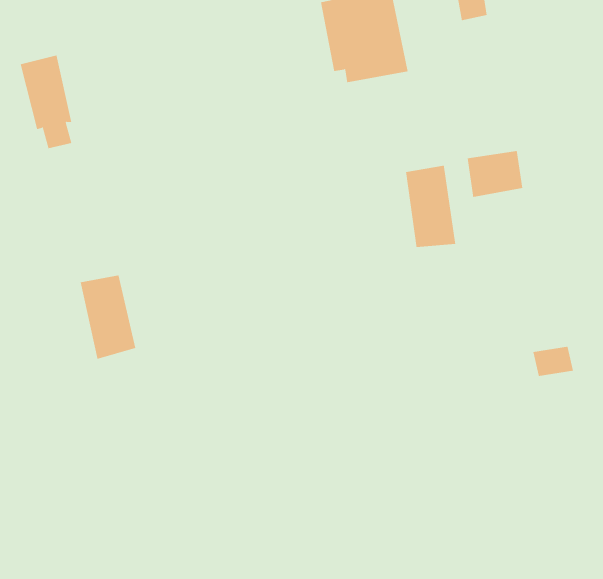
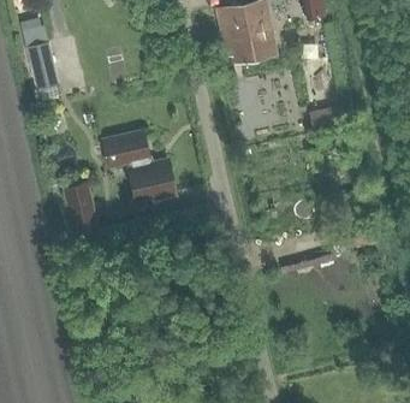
building: [406,165,456,248] -> none
building: none -> [103,134,174,212]

